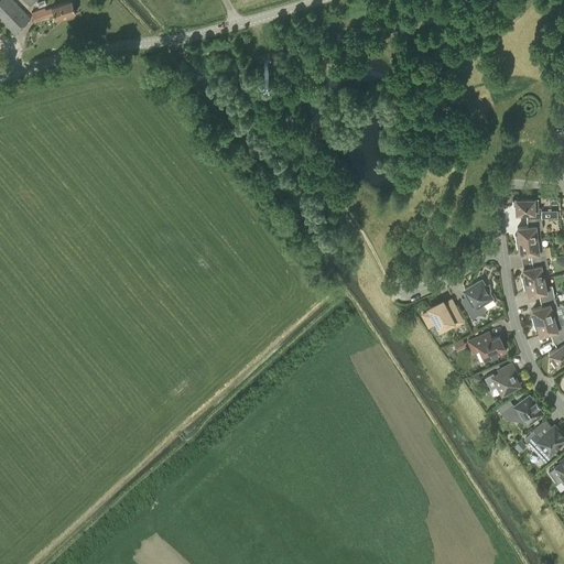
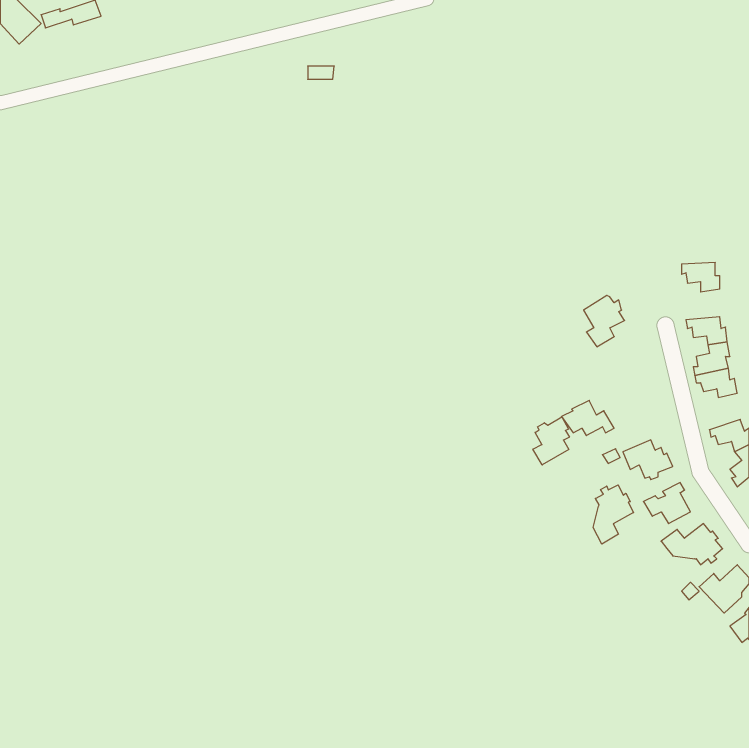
building: [514,217,543,240] -> none
building: [463,279,494,317] -> [584,295,625,347]
building: [531,295,557,323] -> none
building: none -> [533,417,569,465]
building: none -> [593,485,634,544]

